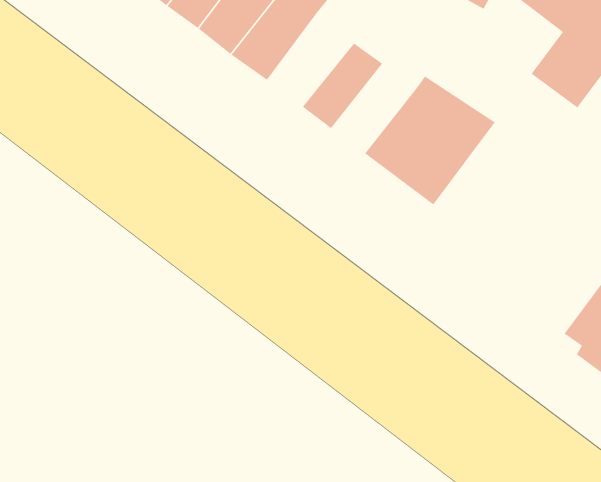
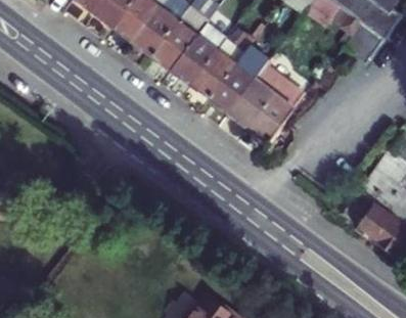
building: none -> [170,21,221,77]
building: none -> [208,51,258,104]

